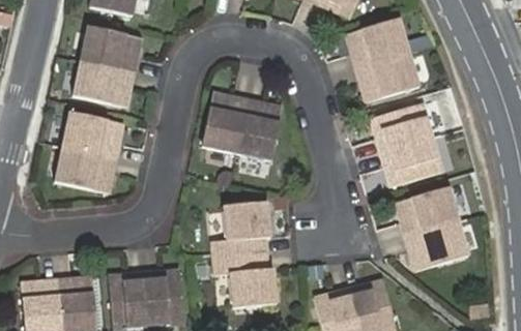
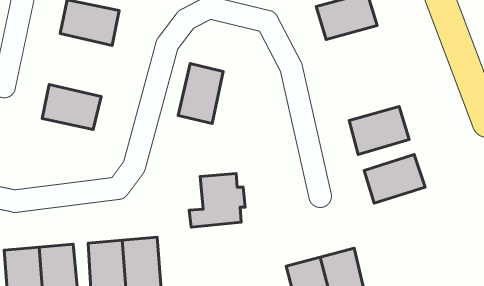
building: [355,51,418,100] -> none
building: [71,59,134,106] -> none
building: [237,98,284,159] -> none
building: [369,99,431,149] -> none
building: [53,147,114,193] -> none
building: [405,218,468,269] -> none
building: [215,254,277,309] -> none

